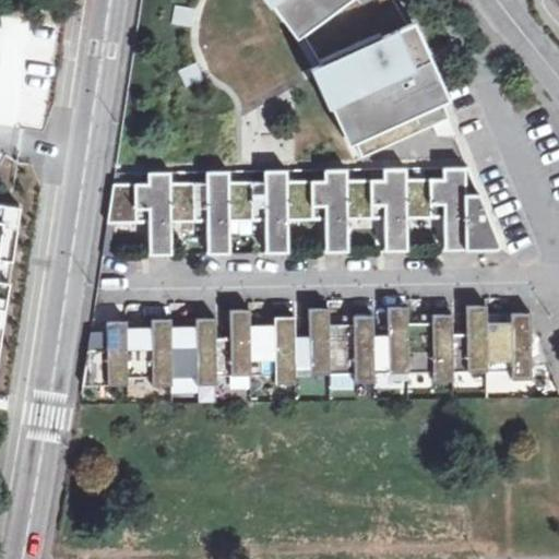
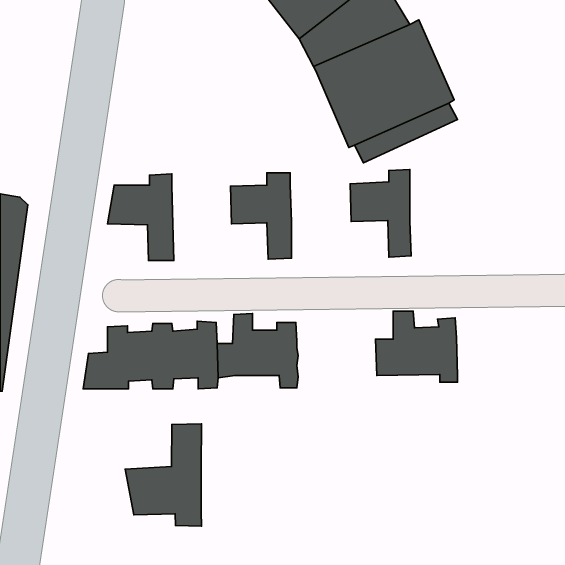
building: [287,168,347,253] -> none
building: [405,168,501,250] -> none
building: [170,171,230,253] -> none
building: [451,304,532,377] -> none
building: [294,307,372,380] -> none
building: none -> [125,424,201,526]

